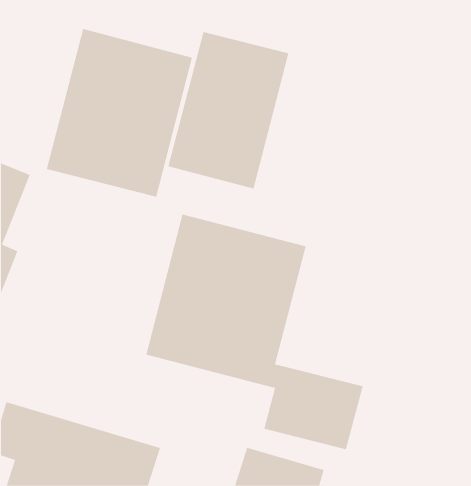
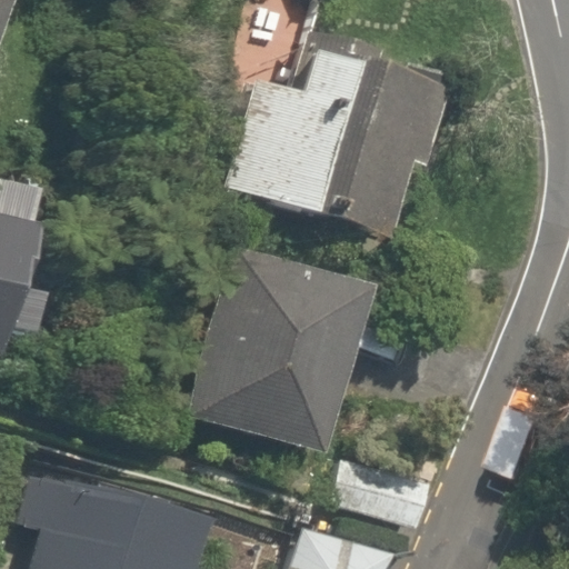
building: [46,28,192,198] -> none
building: none -> [315,62,438,242]

